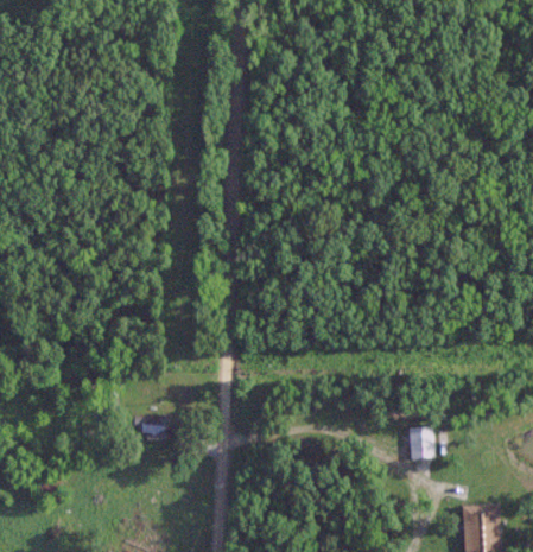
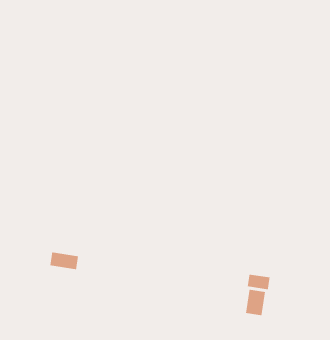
building: none -> [247,274,270,290]

